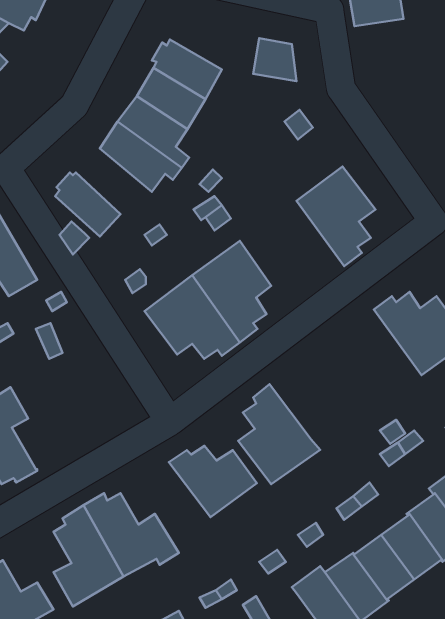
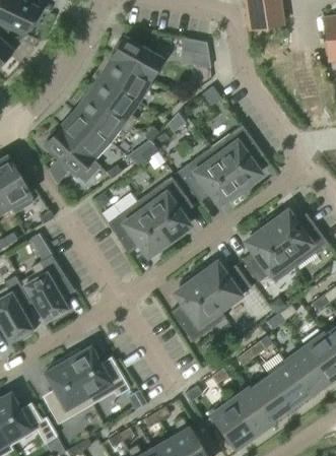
building: none -> [60,113,112,160]
building: none -> [178,148,243,204]
building: none -> [242,222,295,282]
building: none -> [21,255,69,321]
building: [169,446,257,517] -> [192,262,252,311]

